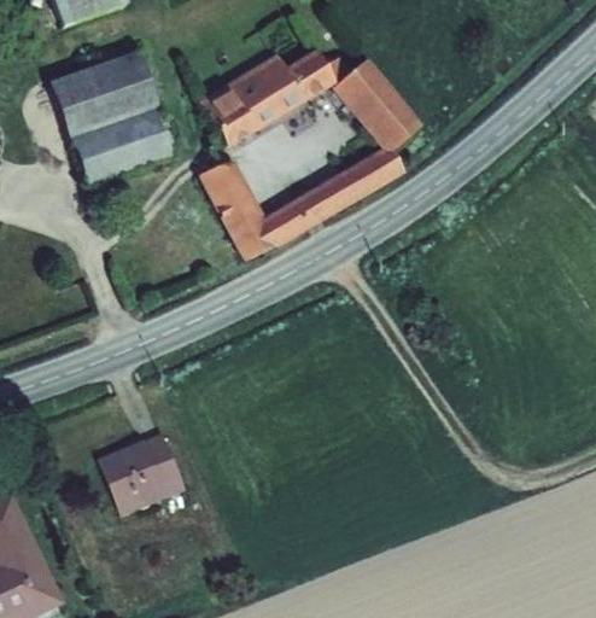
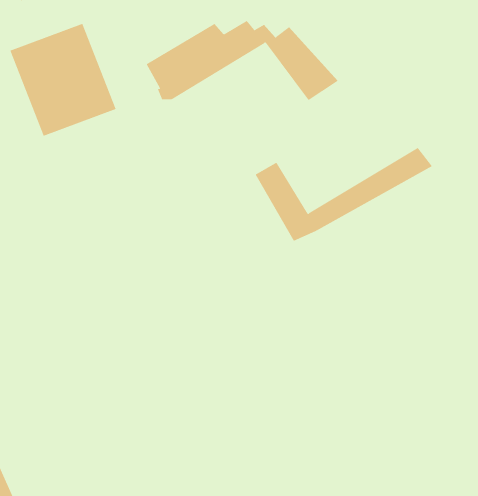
building: [204,142,409,251] -> [255,147,433,242]
building: [97,438,180,515] -> none

